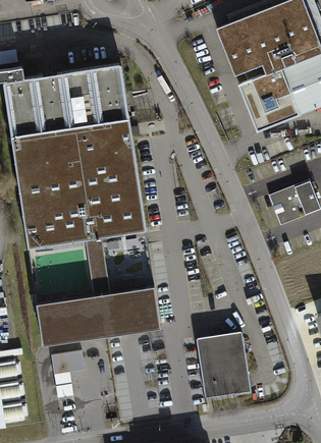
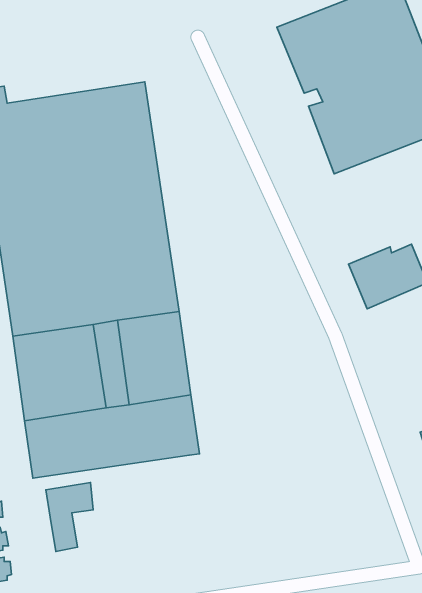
building: [196,334,250,399] -> none

